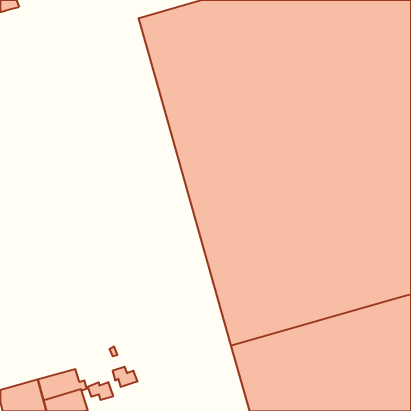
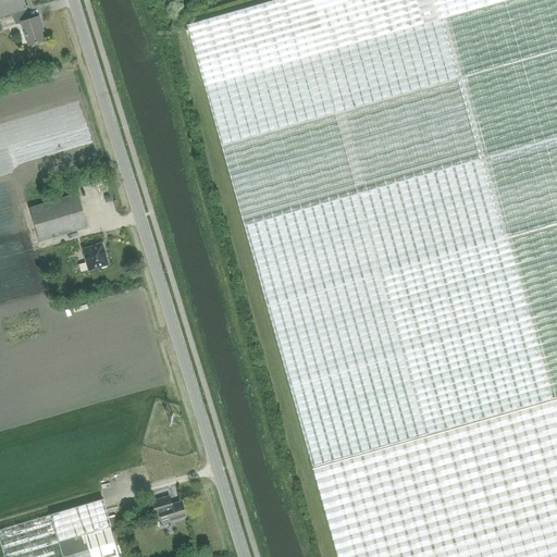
building: none -> [12,10,45,46]
building: none -> [29,194,87,242]
building: none -> [83,244,108,270]
building: [88,382,113,400] -> none

